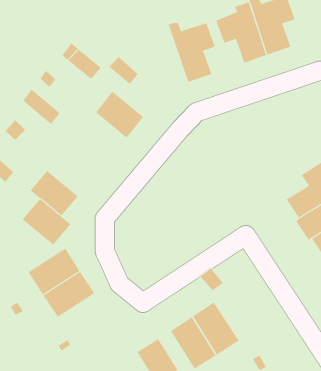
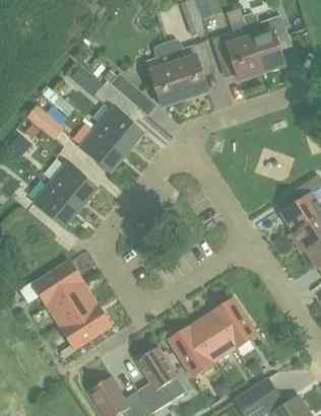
building: none -> [146,44,186,108]
building: none -> [80,128,127,172]
building: [22,198,71,246] -> [50,163,98,209]
building: none -> [211,297,262,348]
building: none -> [60,302,111,348]

